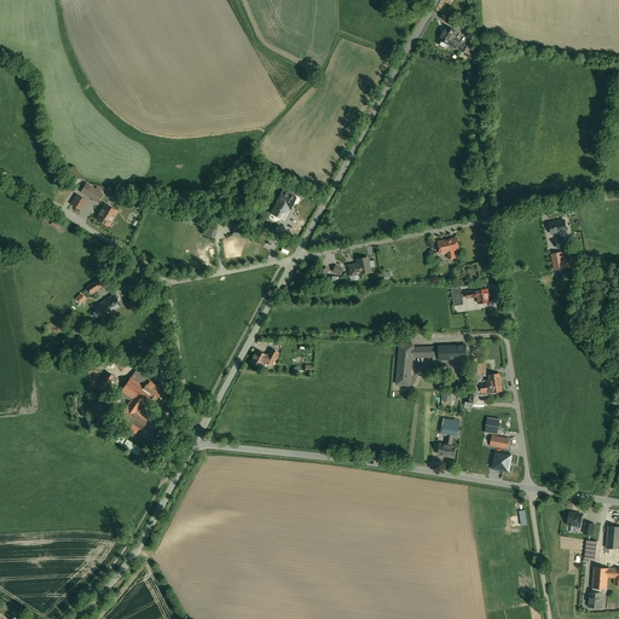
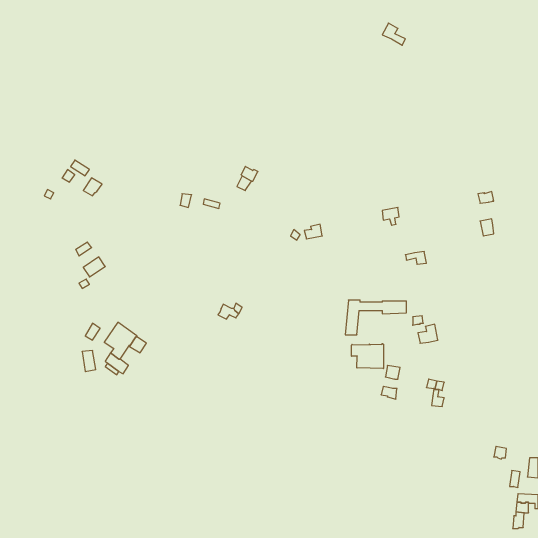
building: none -> [351,344,383,369]

